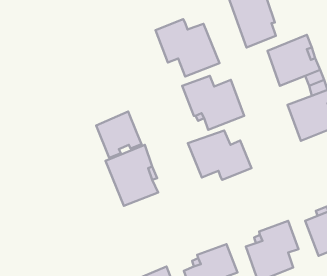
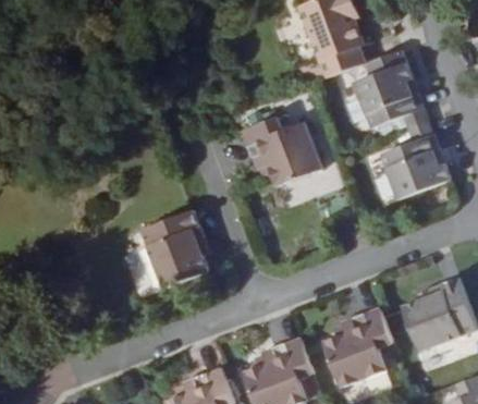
building: [155,19,220,77] -> none
building: [96,111,141,158] -> none
building: [188,130,252,180] -> none

